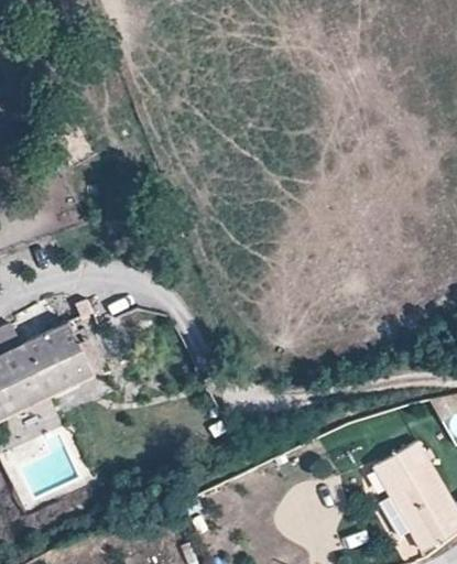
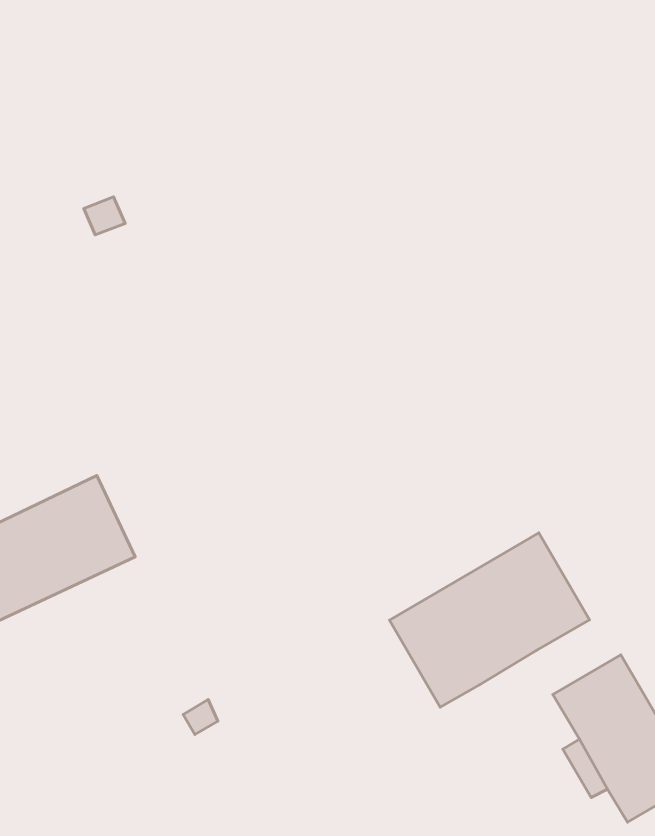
building: none -> [389,533,589,707]

